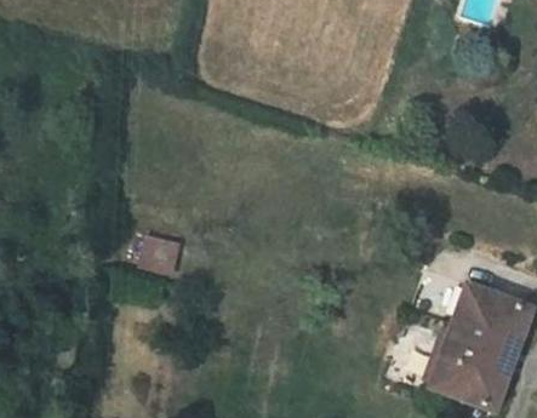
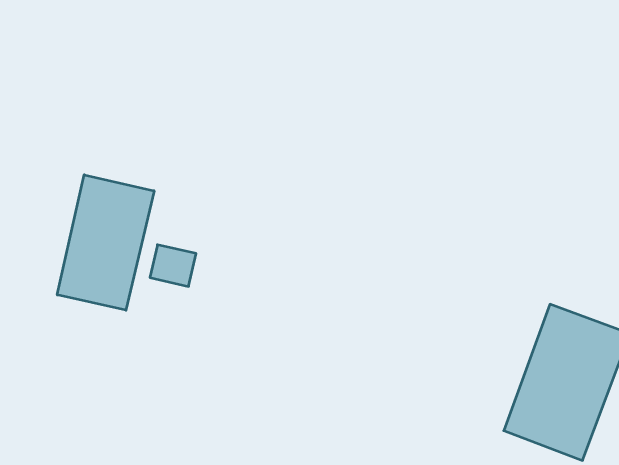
building: none -> [57,175,154,310]

